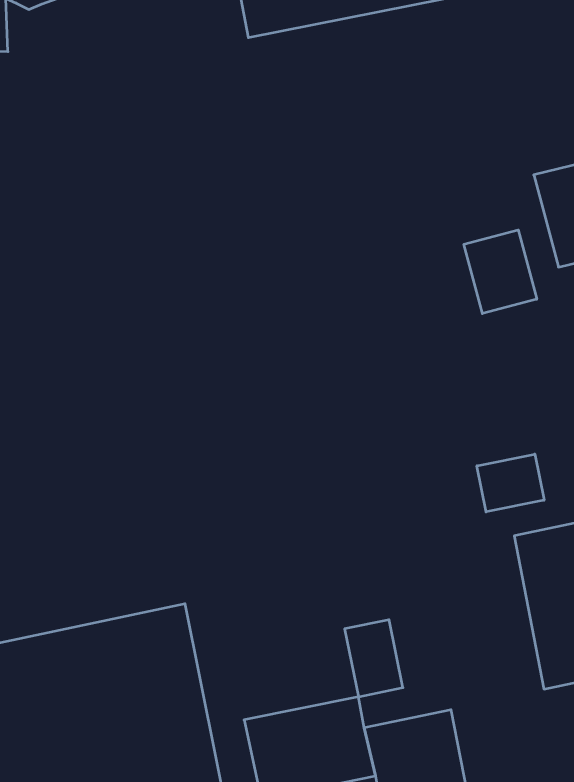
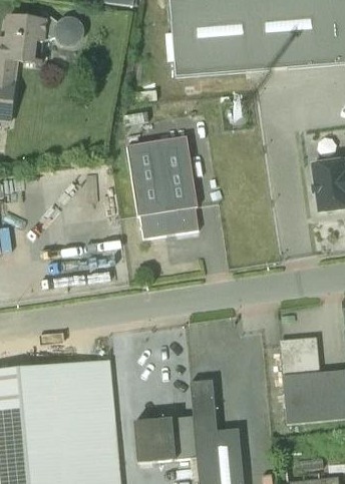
building: none -> [125,135,198,237]
building: [464,230,537,314] -> none
building: [477,454,544,512] -> none

